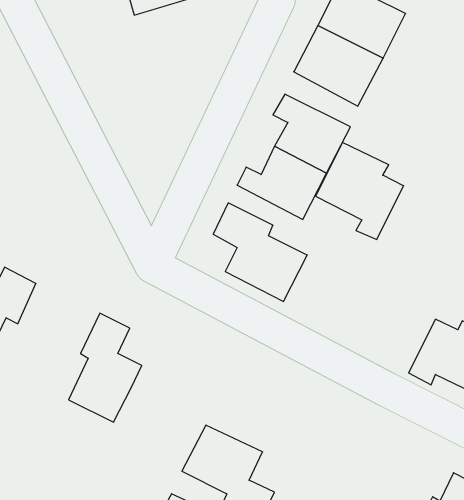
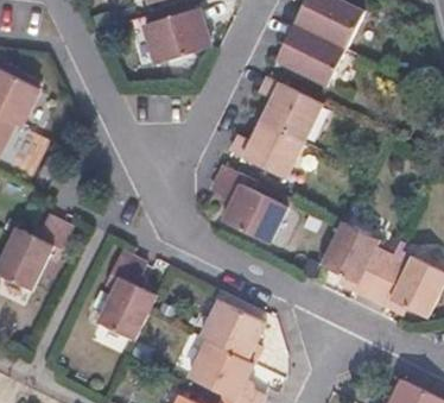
building: none -> [144,17,210,69]
building: [316,142,404,239] -> [319,221,389,298]
building: none -> [201,300,264,361]

